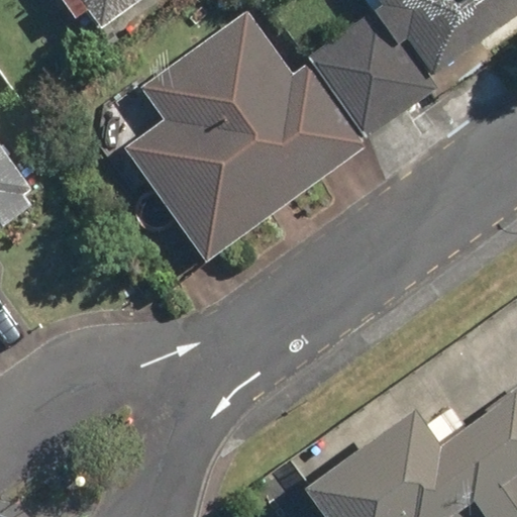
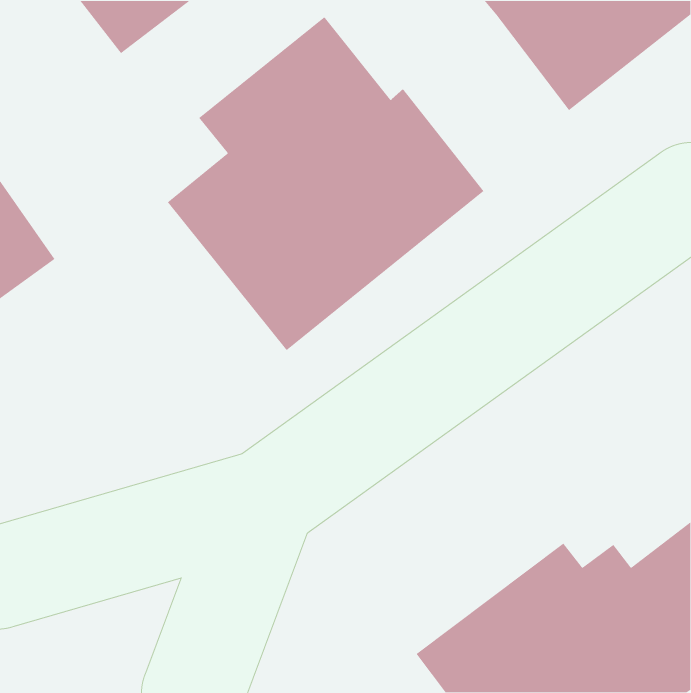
building: [311,11,430,136] -> none

